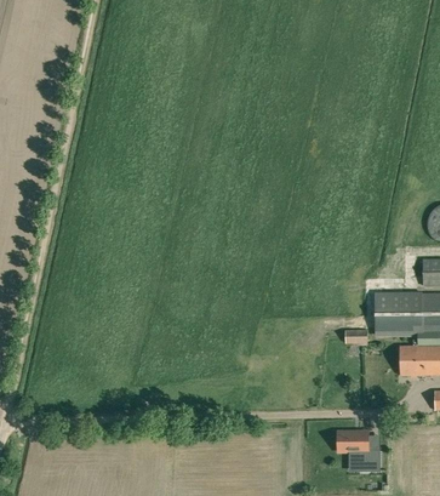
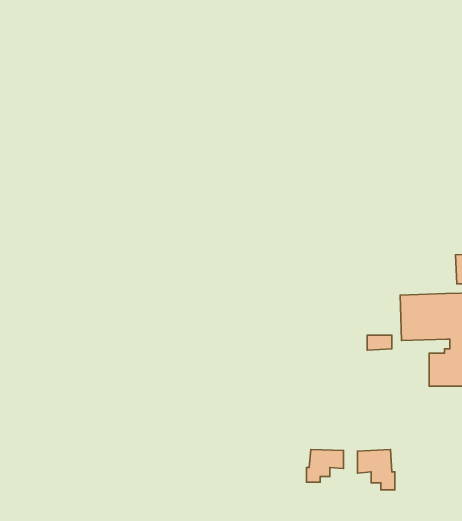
building: none -> [307,449,344,482]

